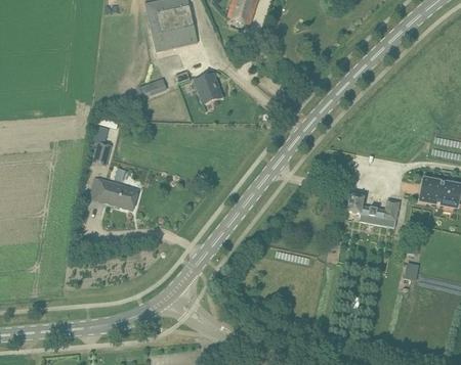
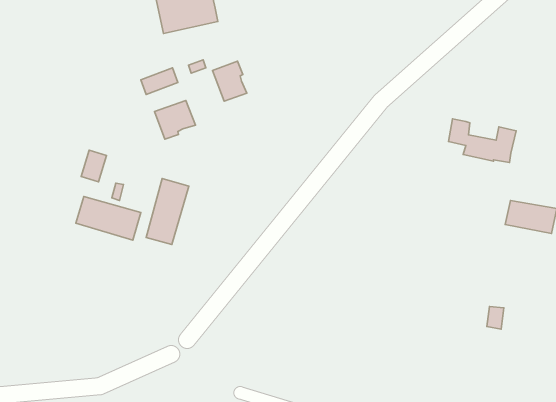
building: none -> [154,100,195,139]
building: none -> [146,178,189,244]
building: [347,193,400,227] -> [449,119,516,163]

